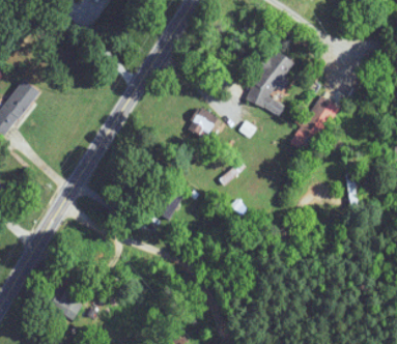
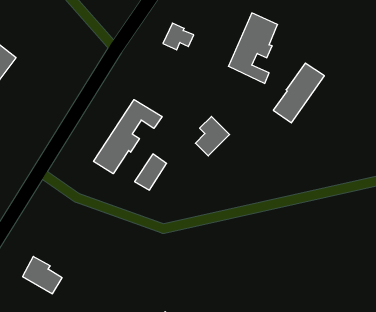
building: [187,111,217,137] -> [163,23,194,50]
building: none -> [94,100,162,174]

